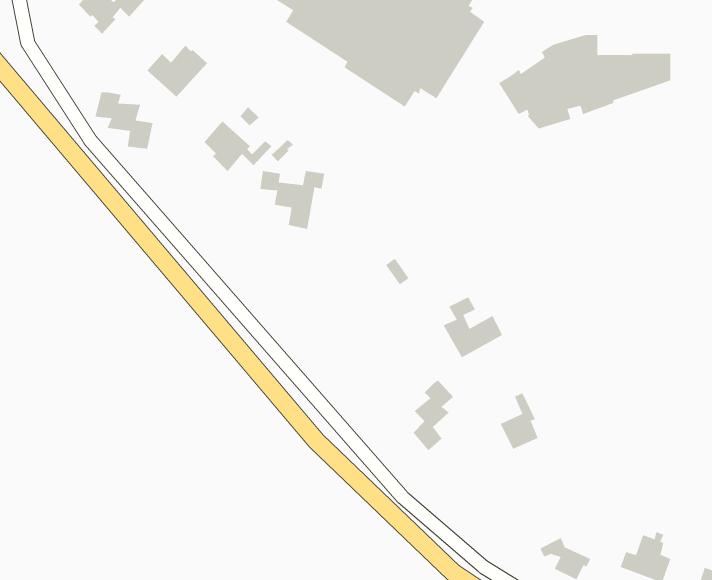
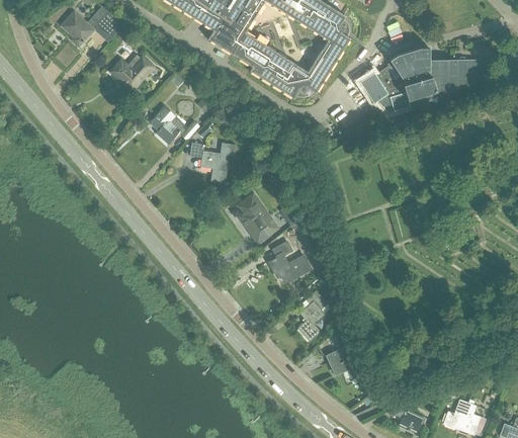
building: [95,92,153,149] -> none
building: none -> [236,193,276,236]
building: [443,297,503,358] -> [267,241,310,284]
building: [500,392,539,450] -> [326,333,353,373]

